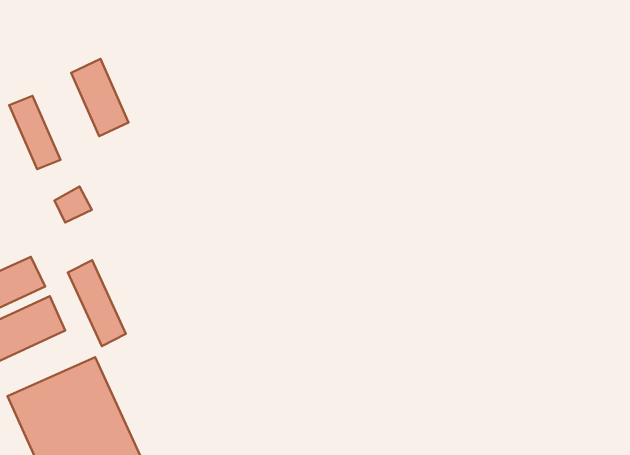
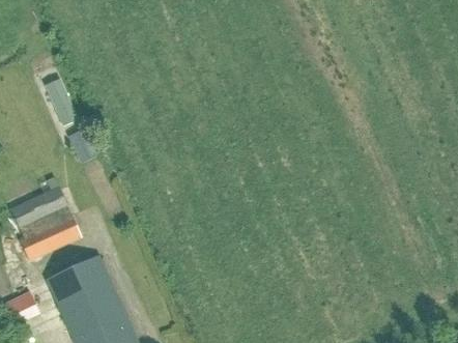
building: [71,59,128,136] -> none
building: [68,260,126,346] -> none

